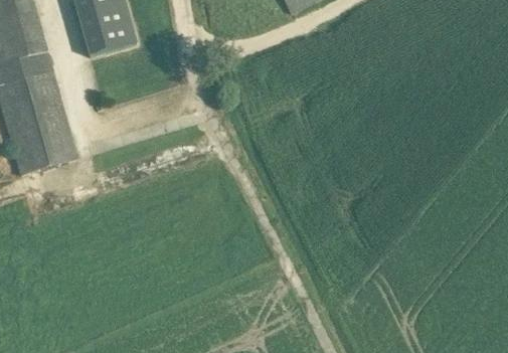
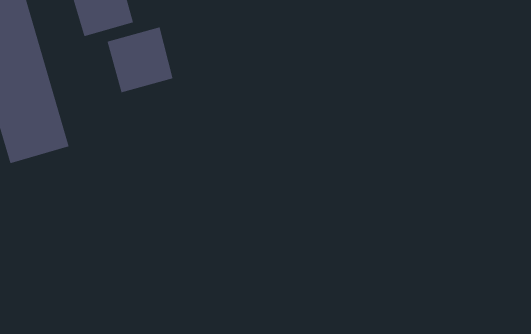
building: none -> [107,27,173,93]

